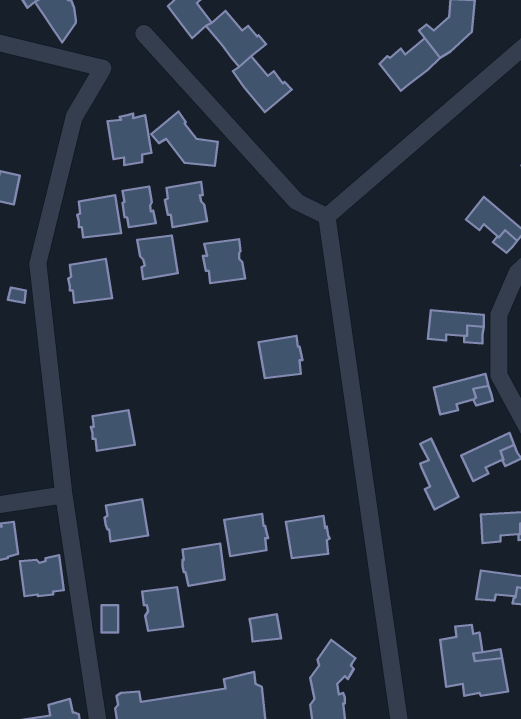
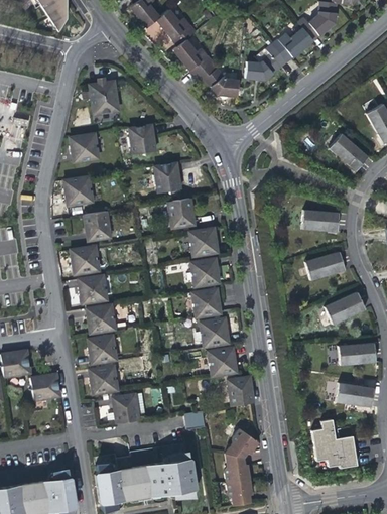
building: none -> [245,45,285,81]
building: [151,111,218,166] -> [195,62,239,99]
building: [122,186,156,227] -> none
building: [137,235,178,279] -> [84,211,111,240]
building: none -> [168,197,196,227]
building: none -> [71,246,100,274]
building: none -> [191,258,220,286]
building: none -> [192,288,222,316]
building: [420,438,459,510] -> none
building: none -> [87,305,116,334]
building: [224,514,268,556] -> [201,317,230,346]
building: [182,543,225,586] -> [90,366,118,394]
building: none -> [228,376,254,405]

